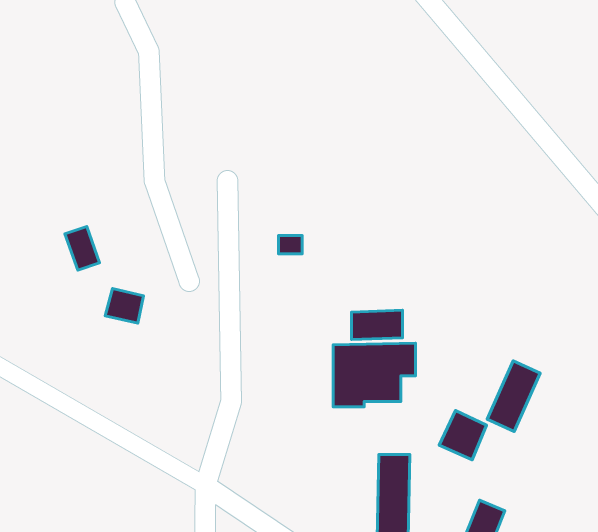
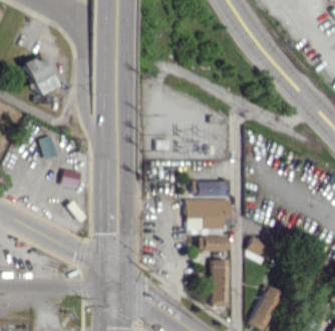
building: none -> [23,55,57,94]
building: [487,361,540,432] -> none
building: none -> [199,236,230,251]

